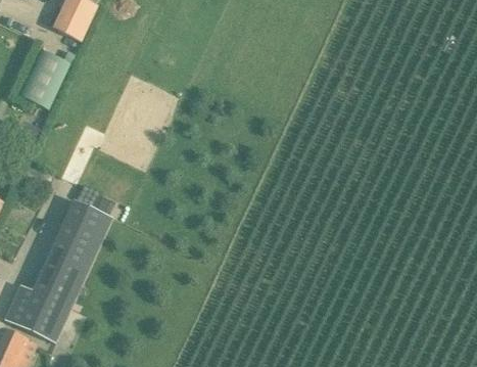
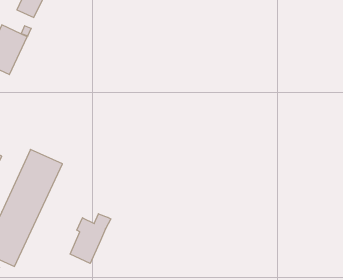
building: none -> [70,214,111,263]

